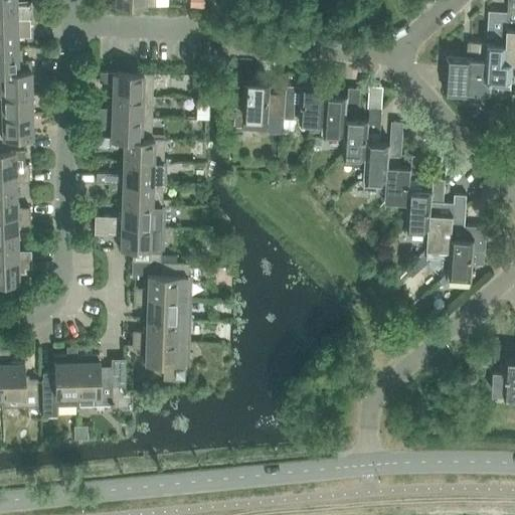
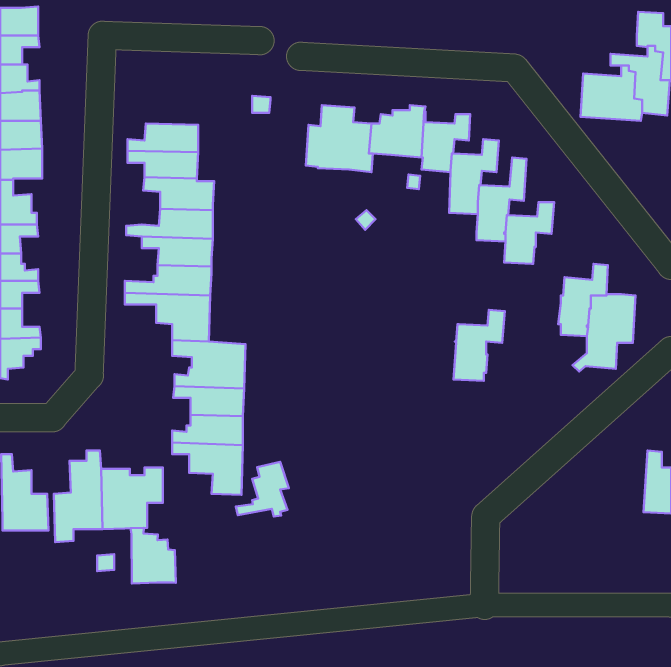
building: [99,74,153,99] -> none
building: [406,181,446,235] -> [454,310,505,381]
building: none -> [236,462,289,517]
building: none -> [131,528,176,584]

